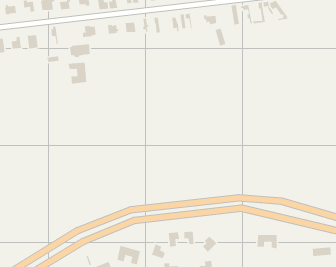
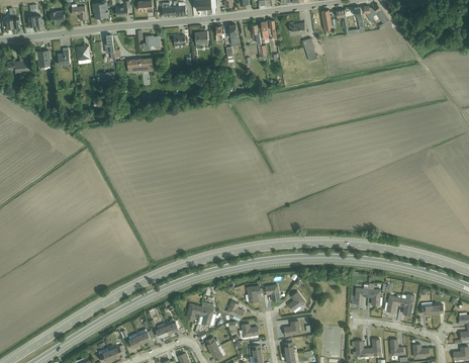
building: [68,62,87,84] -> none
building: none -> [385,294,412,314]

